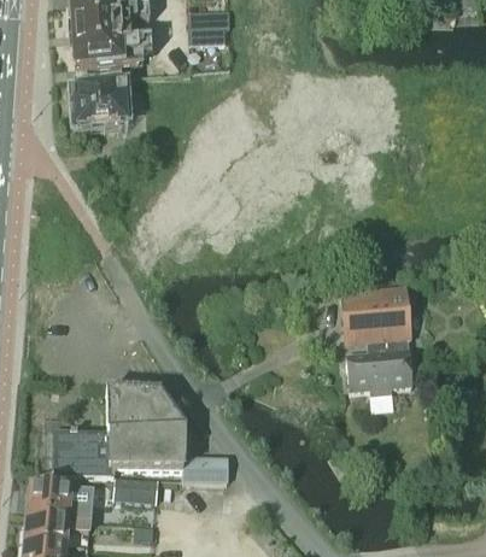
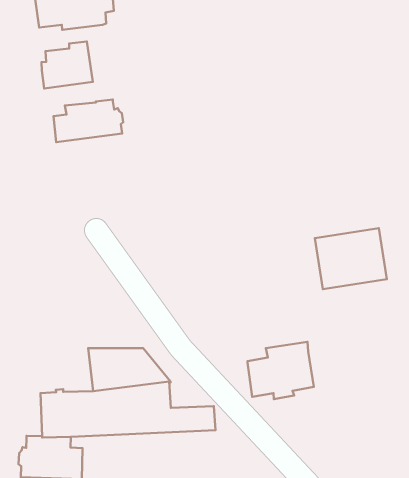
building: none -> [53,100,123,142]
building: [346,338,411,393] -> [248,342,314,399]
building: [115,477,157,502] -> none

